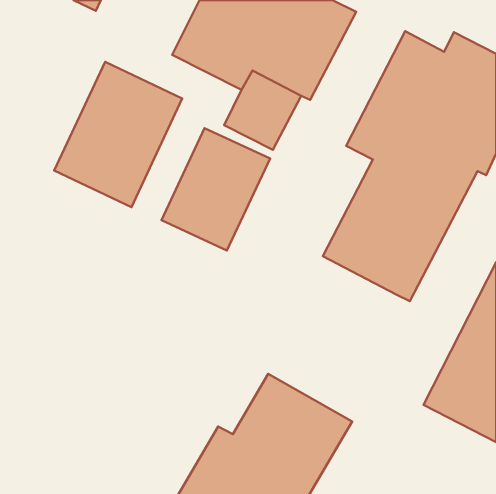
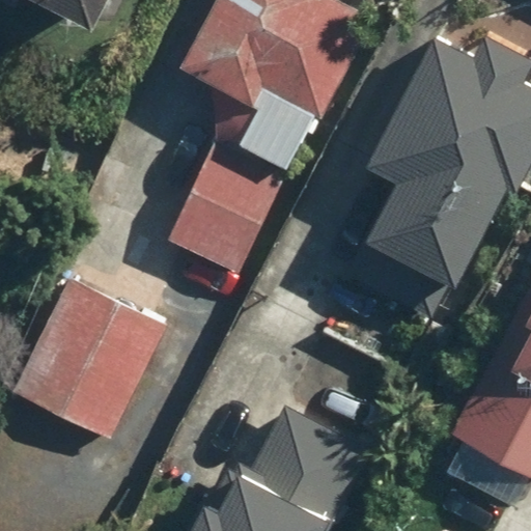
building: [54,62,182,207] -> none
building: none -> [21,279,171,441]

